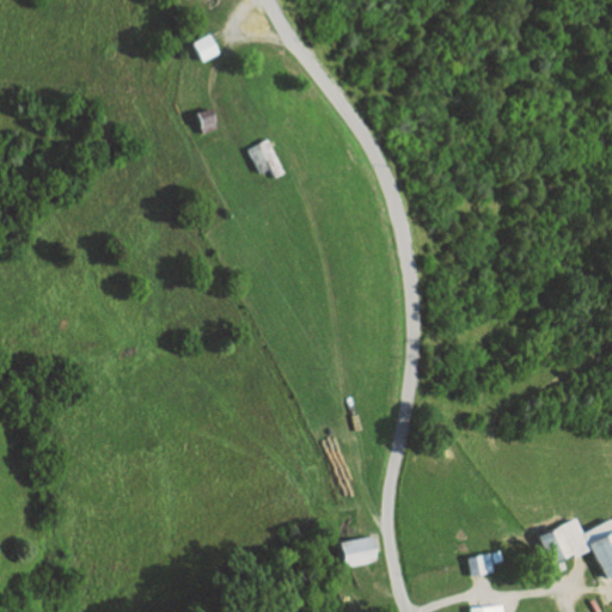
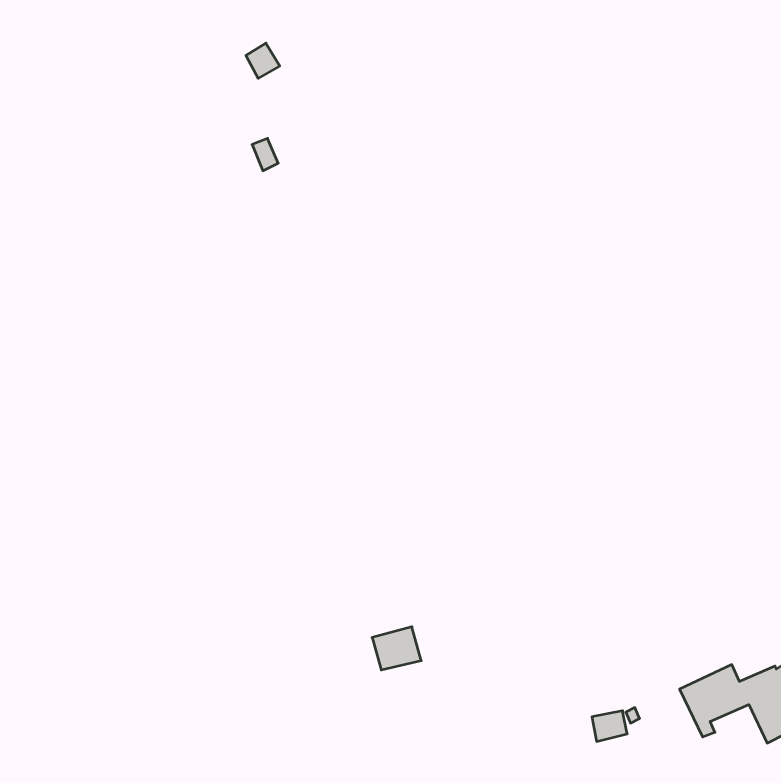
building: [250,140,287,178] -> none
building: [341,533,379,567] -> [372,627,421,670]

